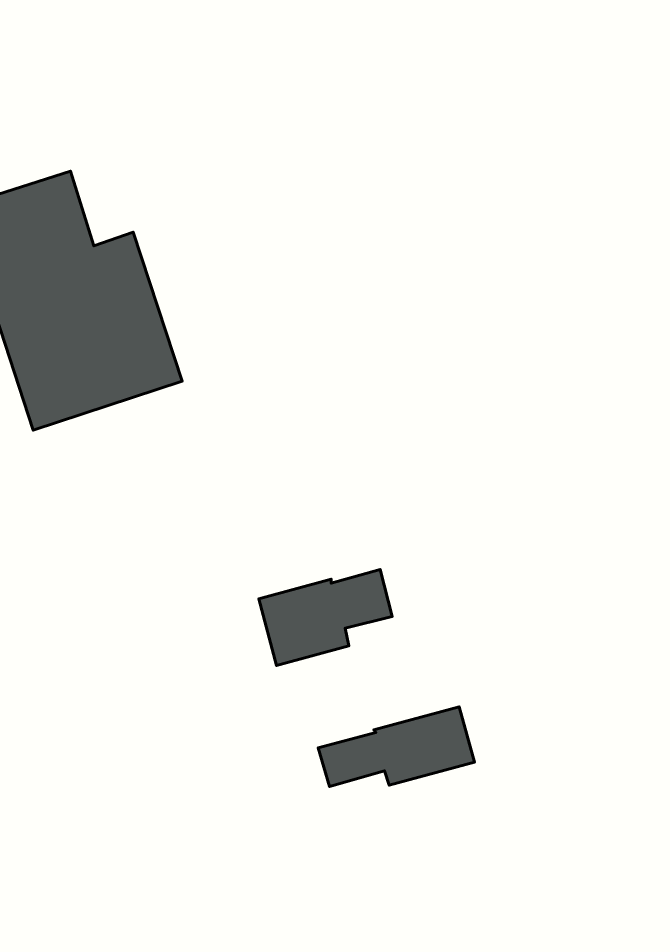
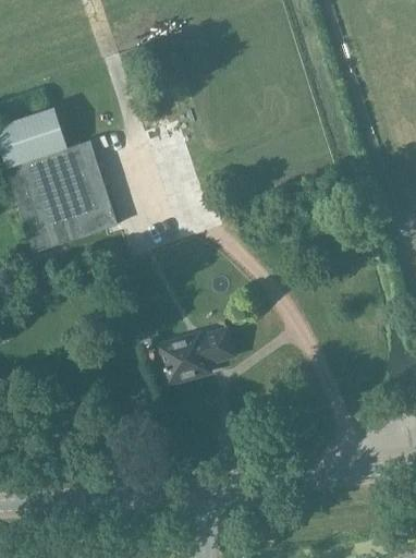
building: [318,707,474,787] -> none

